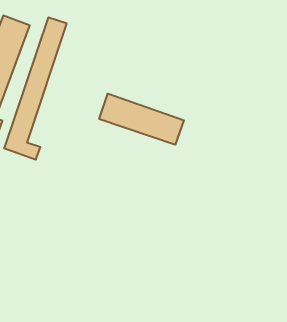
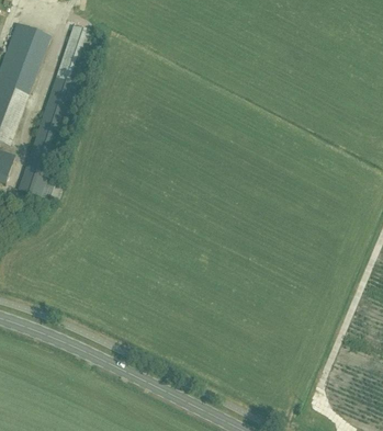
building: [99,94,184,145] -> none

